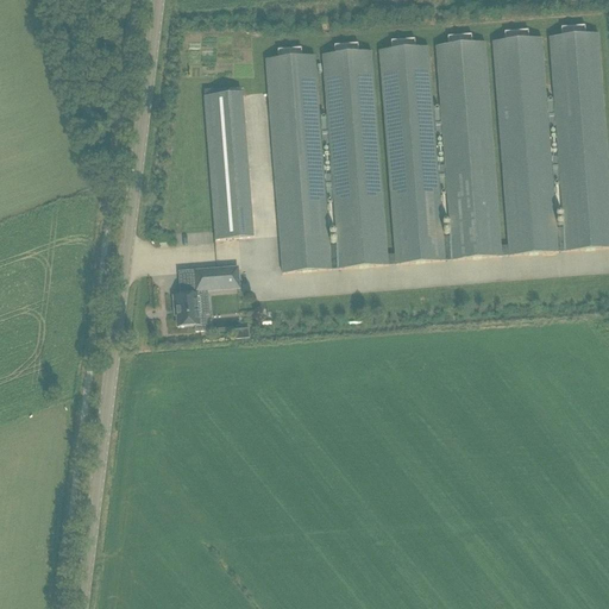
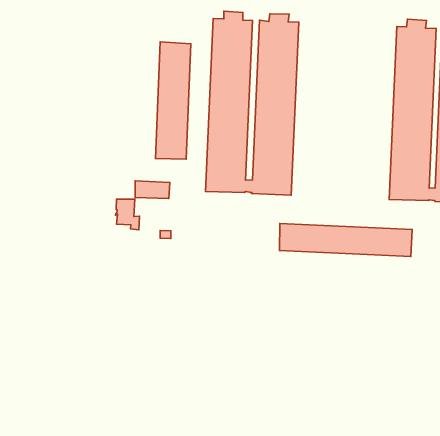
building: [379,32,501,262] -> none
building: none -> [279,224,412,256]

